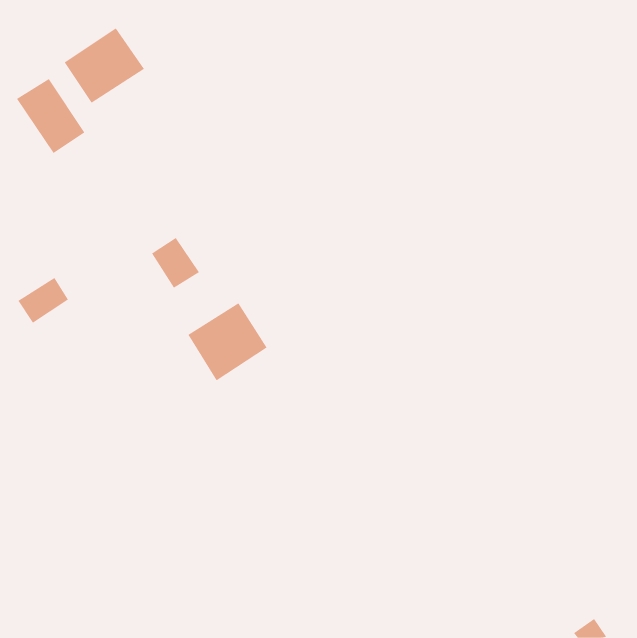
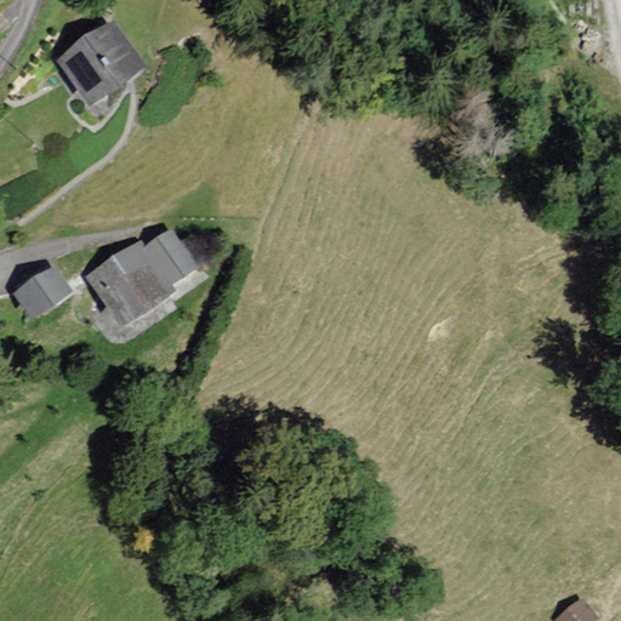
building: [16,78,85,154] -> none
building: [187,303,267,381] -> [89,246,166,323]

